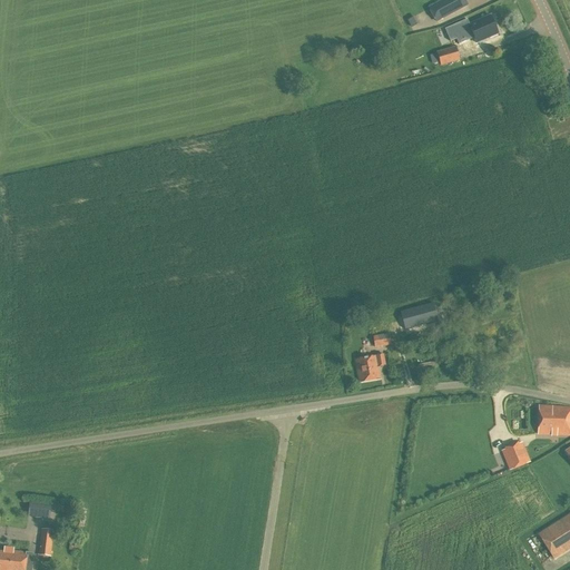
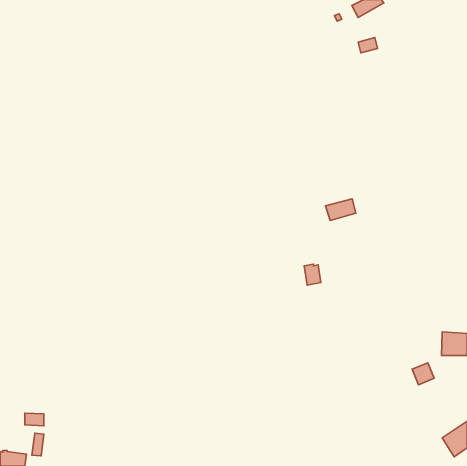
building: [446,14,495,43] -> none
building: [400,302,436,328] -> [326,199,356,221]
building: [355,353,386,380] -> none

